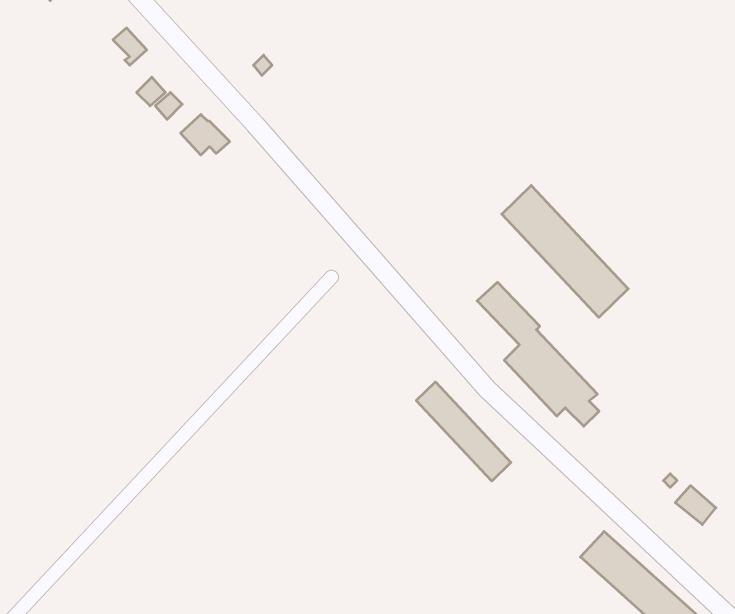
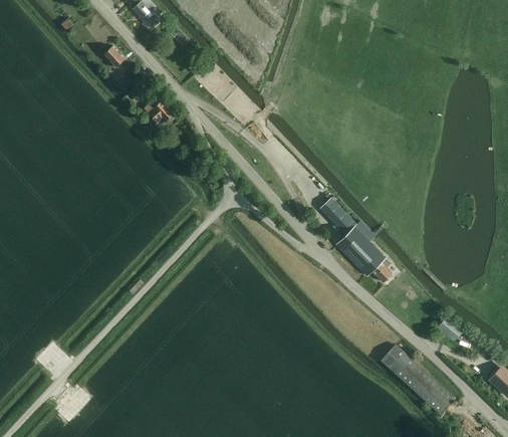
building: [502,185,628,317] -> none
building: [416,382,511,481] -> none

